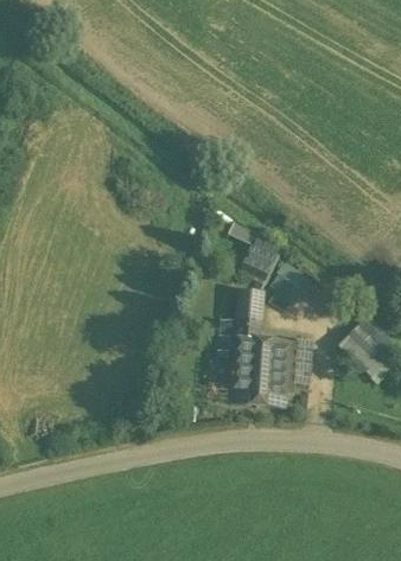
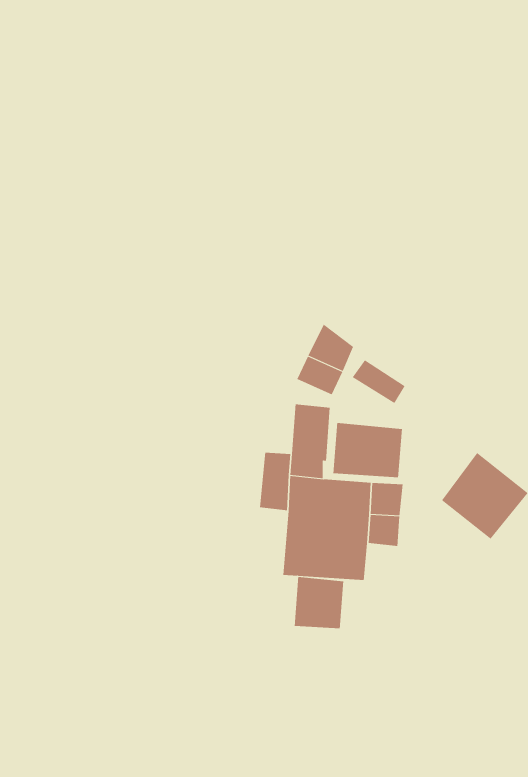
building: none -> [333,422,402,478]
building: none -> [294,576,344,629]

